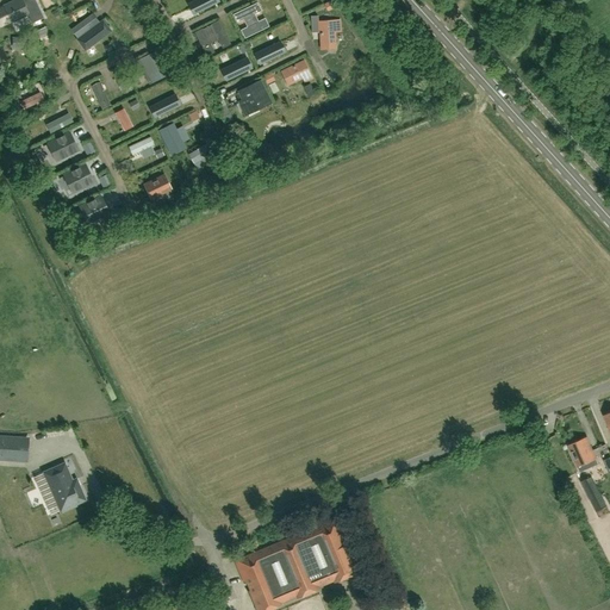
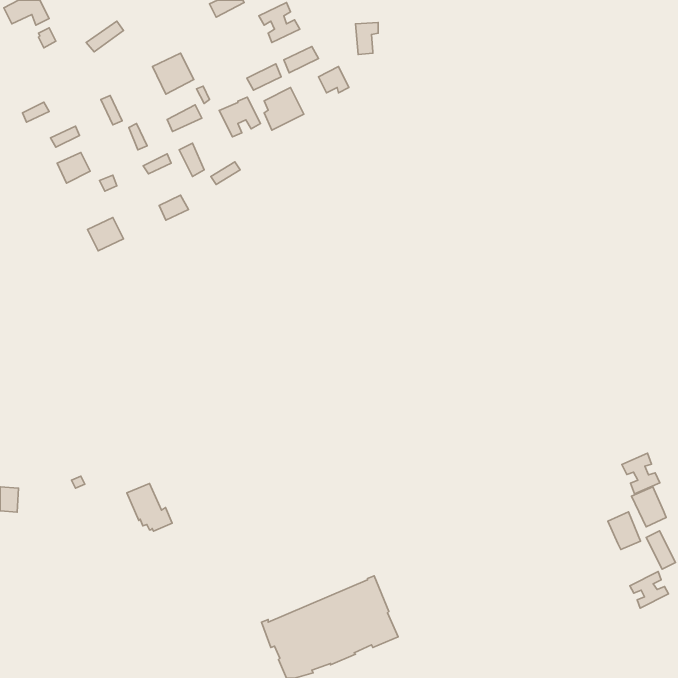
building: [194,20,231,56] -> [219,97,260,137]
building: [63,163,95,193] -> none
building: none -> [622,453,660,494]
building: none -> [608,512,640,549]
building: [44,465,85,508] -> [127,483,172,531]
building: none -> [630,572,669,608]

